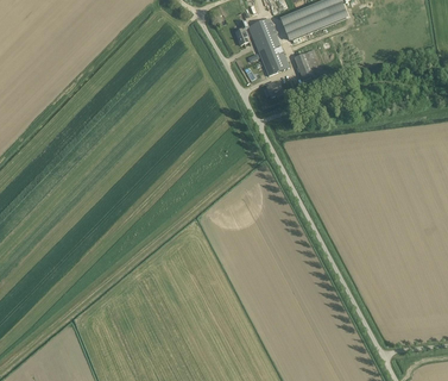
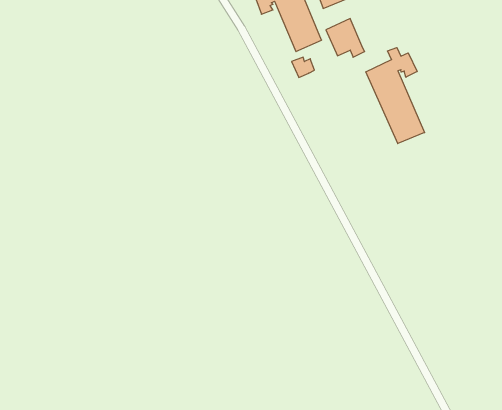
building: none -> [366,48,425,144]

